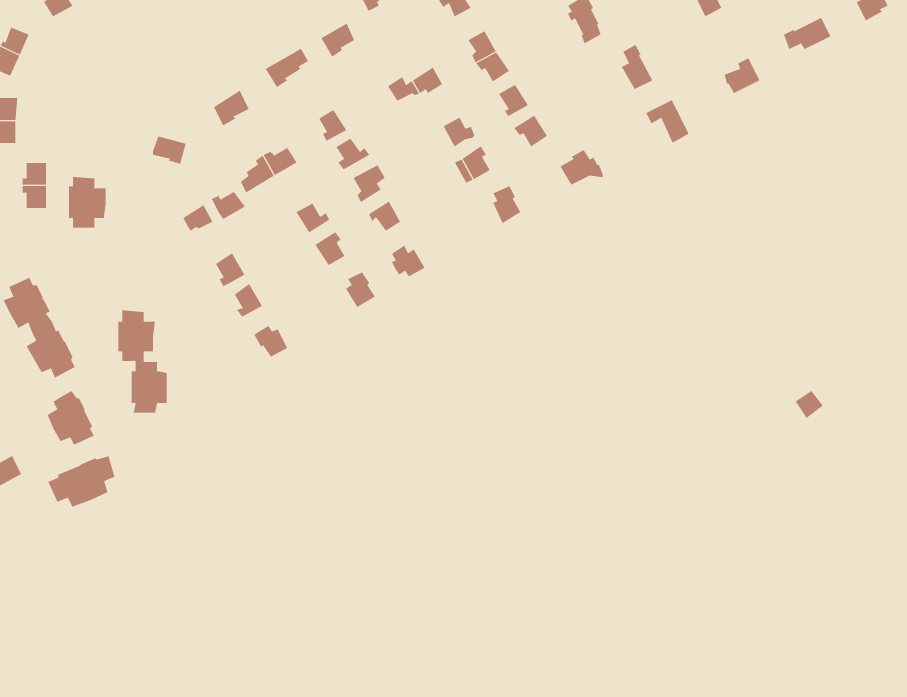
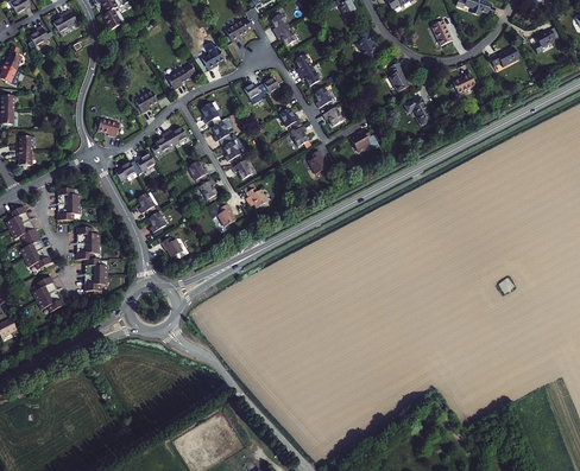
building: [68,176,107,228] -> [57,189,81,221]
building: [48,456,115,508] -> none

